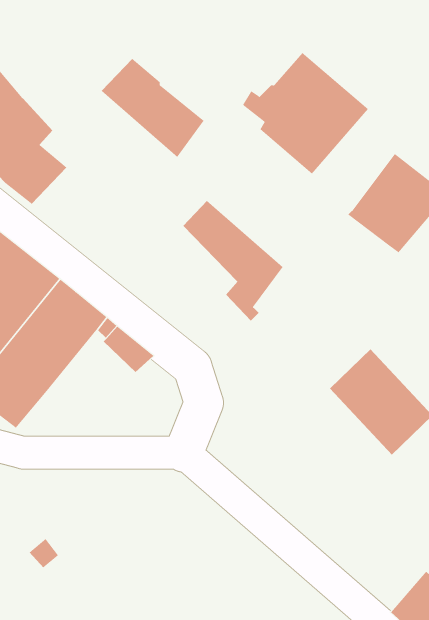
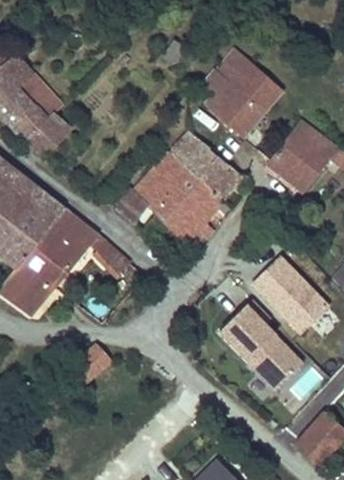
building: [101,58,205,158] -> [168,131,241,201]
building: none -> [114,172,199,247]
building: none -> [221,307,299,385]
building: none -> [71,345,112,385]

